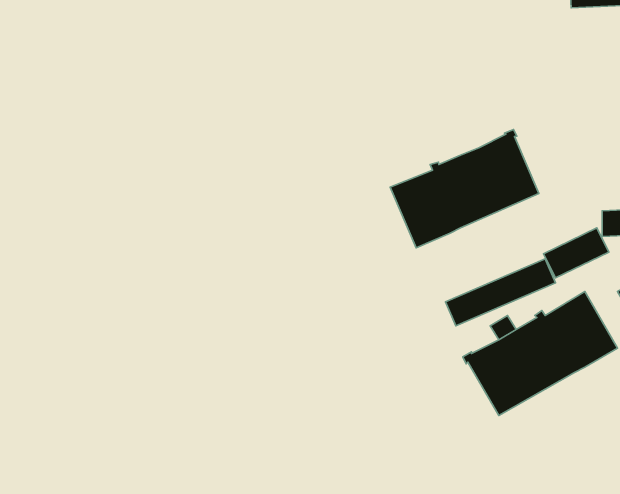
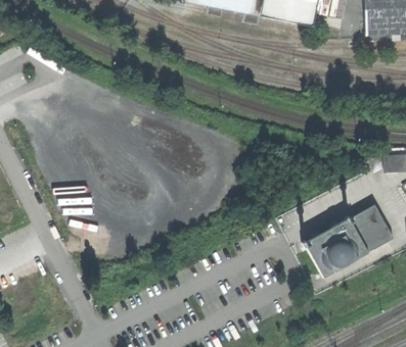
building: [390,129,539,248] -> none

